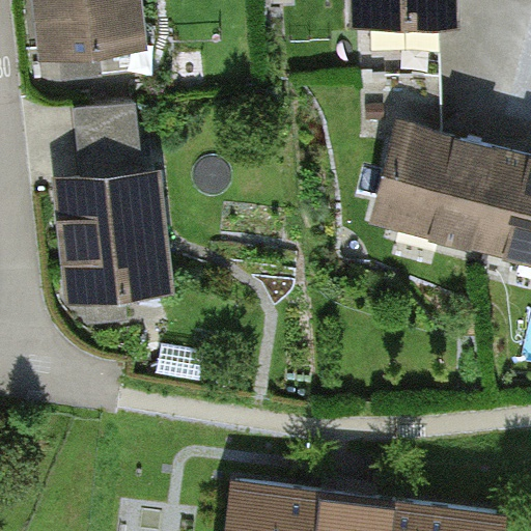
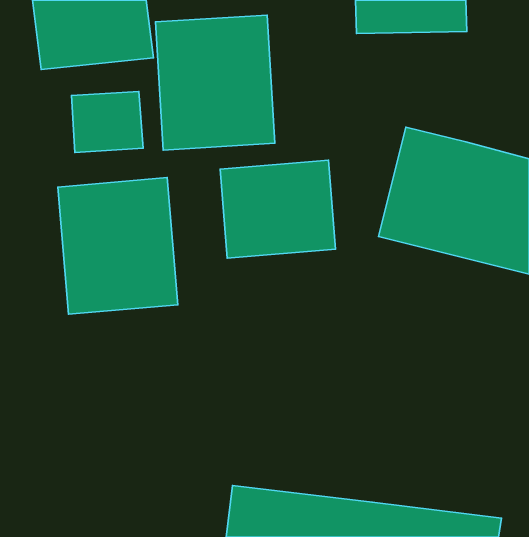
building: none -> [156,15,275,150]
building: none -> [220,160,335,258]

